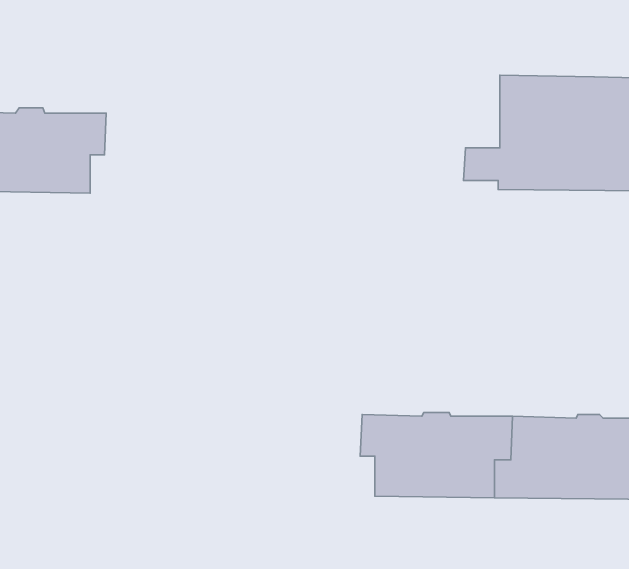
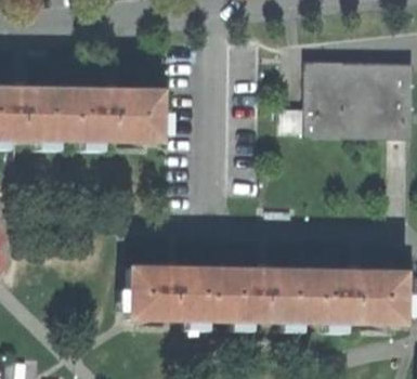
building: none -> [62,88,162,140]
building: none -> [131,267,232,318]

